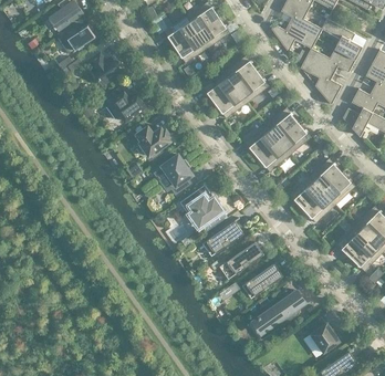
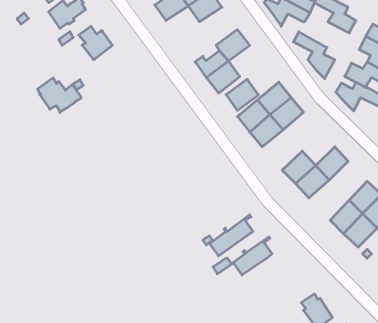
building: [174,32,207,63] -> none
building: [305,48,355,73] -> none
building: [236,71,268,102] -> [226,79,258,110]
building: [102,87,145,122] -> [38,78,81,113]
building: [135,125,169,157] -> none
building: [153,155,191,195] -> none
building: [309,158,341,190] -> none
building: [185,187,223,229] -> none
building: [201,218,241,255] -> none
building: [257,290,304,330] -> none

